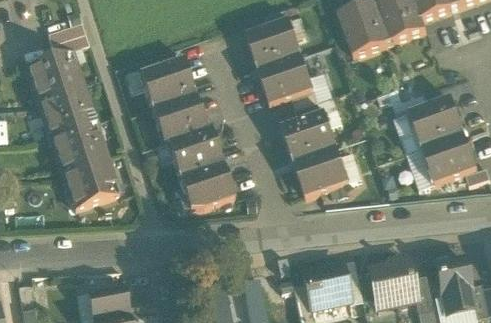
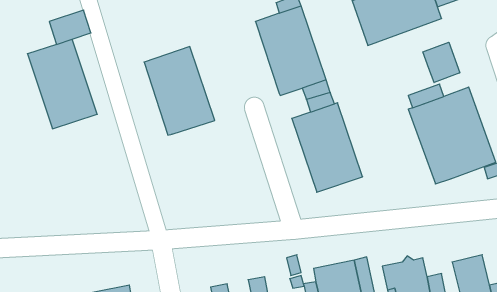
building: none -> [423,42,460,83]
building: [52,124,119,210] -> none
building: [167,128,235,211] -> none

